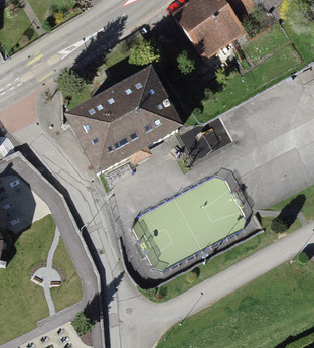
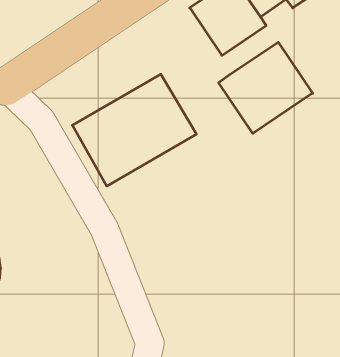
building: none -> [219,42,313,133]

